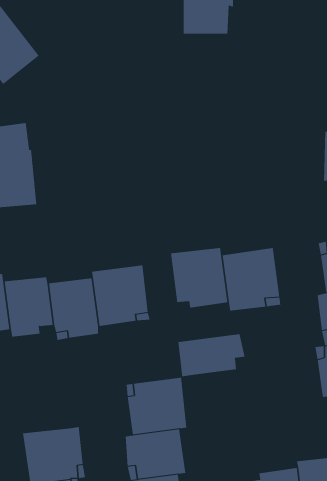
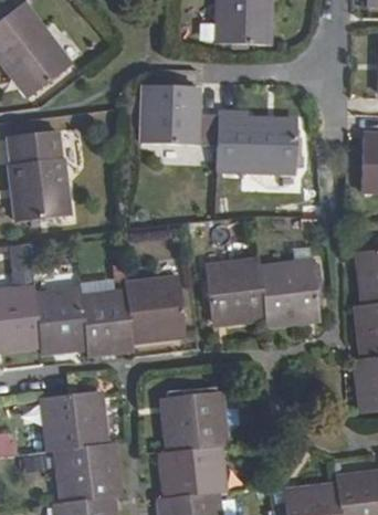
building: none -> [141,83,295,169]
building: [178,333,245,377] -> none
building: none -> [40,392,104,450]

